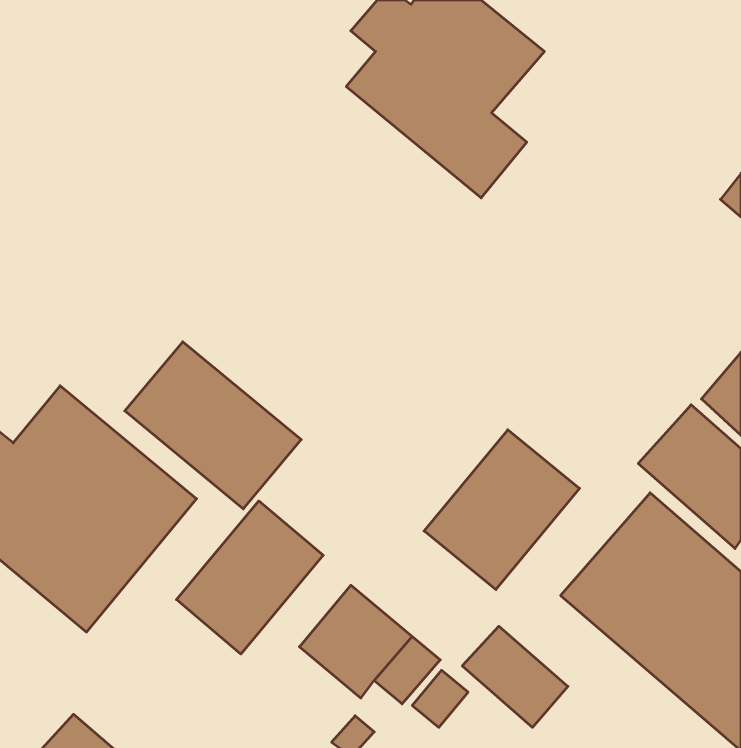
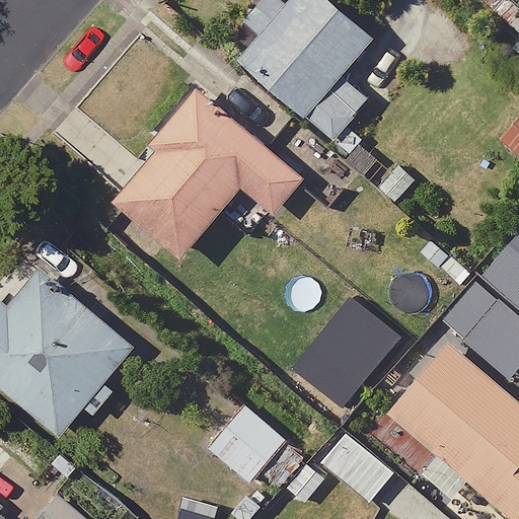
building: none -> [113,90,304,260]
building: [125,342,301,509] -> none
building: [176,501,323,654] -> none

